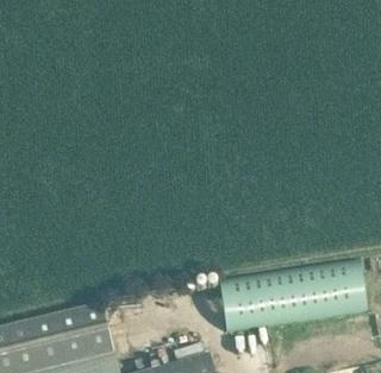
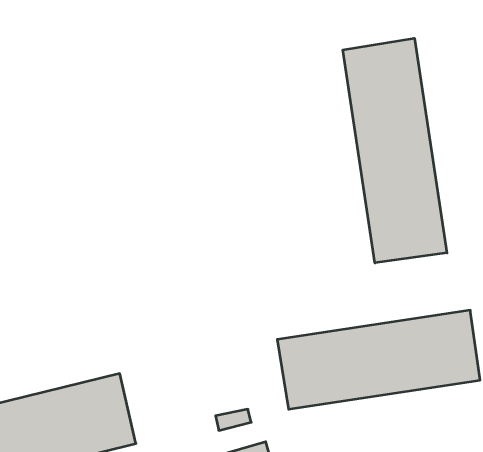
building: none -> [343,38,447,263]

